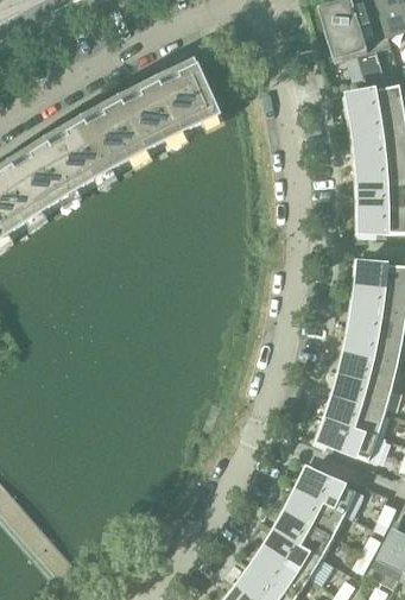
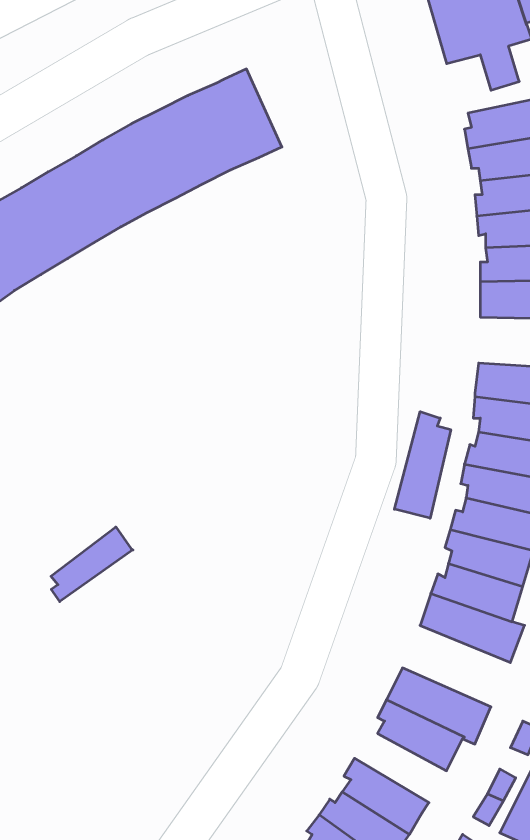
building: none -> [394,412,451,518]
building: none -> [51,527,133,602]
building: [271,506,333,552] -> none

